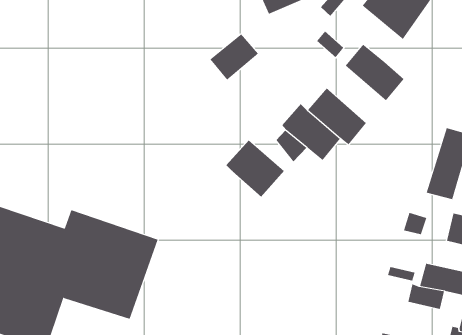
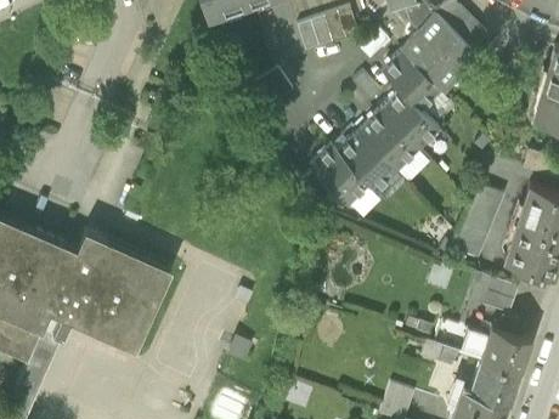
building: none -> [383,52,442,112]
building: none -> [360,112,419,172]
building: [225,140,285,198] -> none

